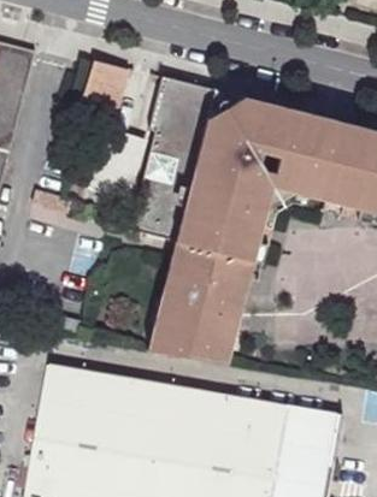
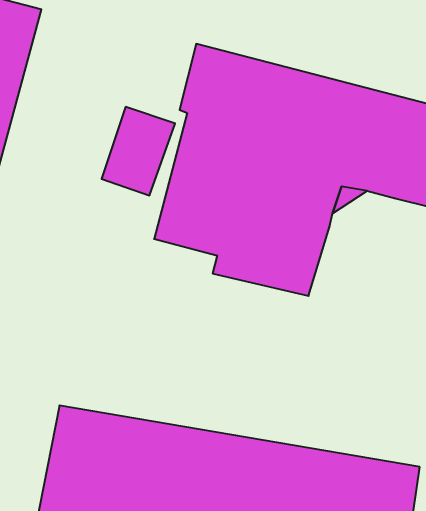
building: [77,57,124,110] -> none
building: [147,259,249,367] -> none

